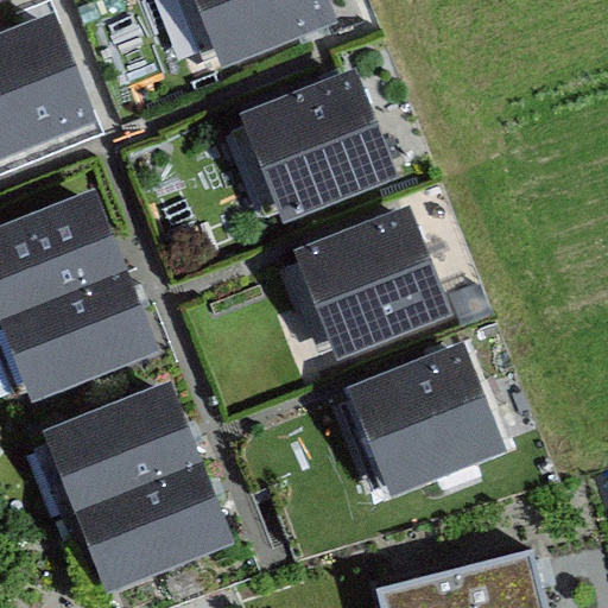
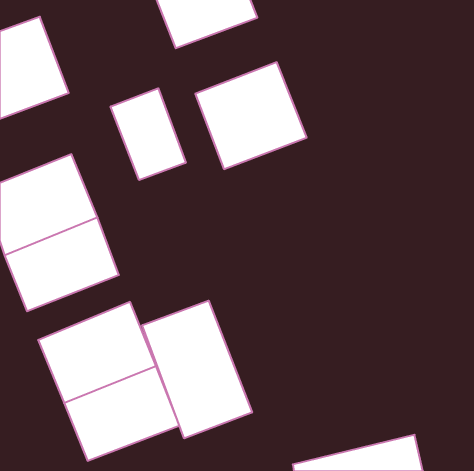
building: none -> [111,88,186,180]
building: [300,217,443,354] -> none
building: [355,352,498,488] -> none
building: none -> [142,301,252,438]

